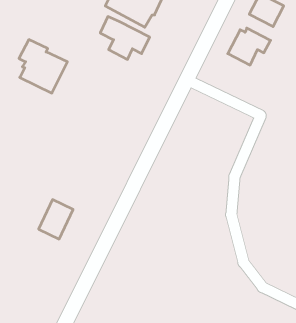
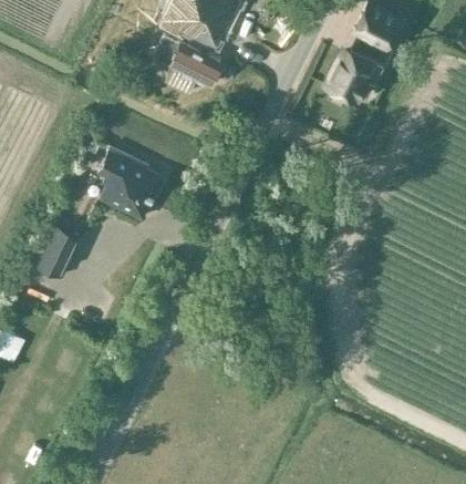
building: [19,40,67,93] -> [99,146,164,218]
building: [39,200,73,239] -> [35,224,82,277]

